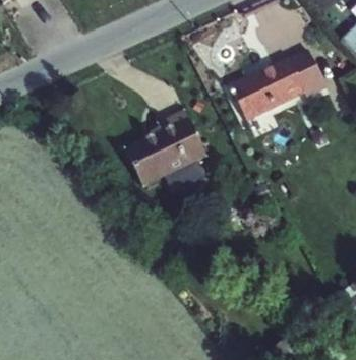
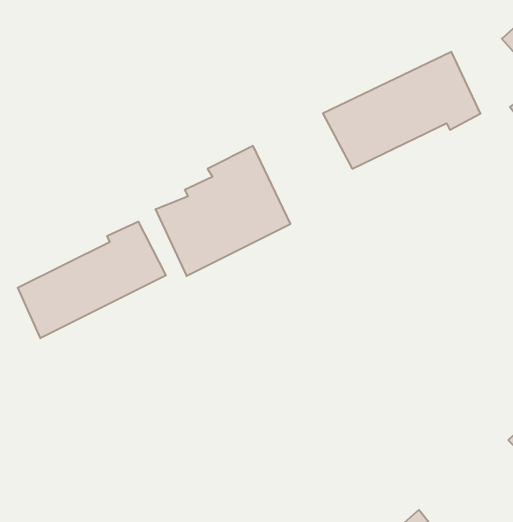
building: none -> [18,222,166,338]

